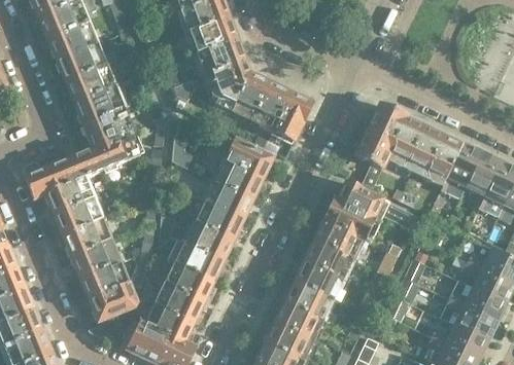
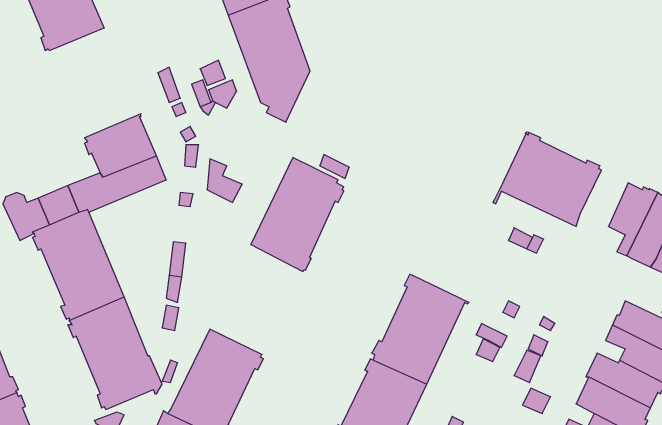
building: [57,41,125,121] -> none
building: [231,71,311,140] -> none
building: [356,104,407,187] -> none
building: [441,143,481,198] -> none
building: [323,181,417,242] -> none
building: [160,199,244,280] -> none

